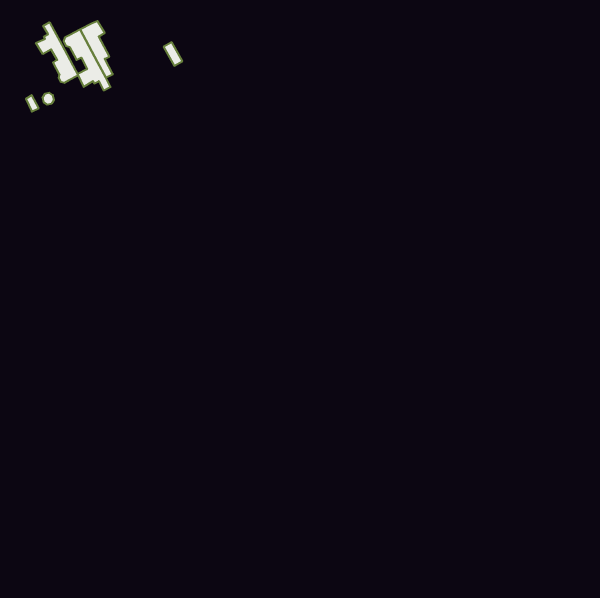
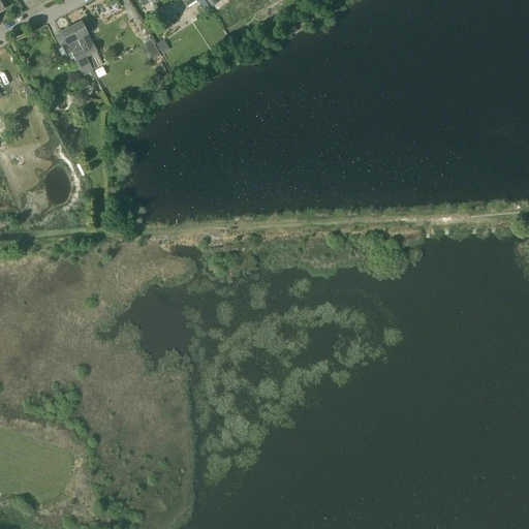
building: [36,22,78,83] -> none

